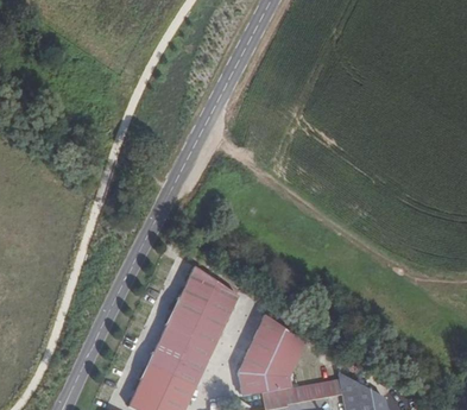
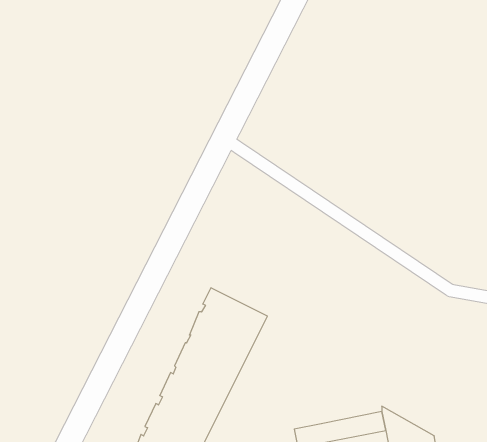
building: [235,315,302,397] -> none

